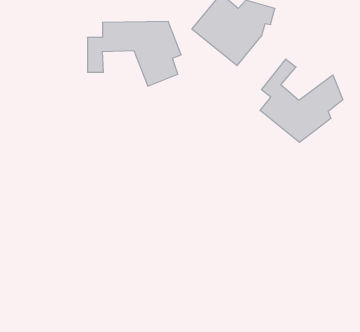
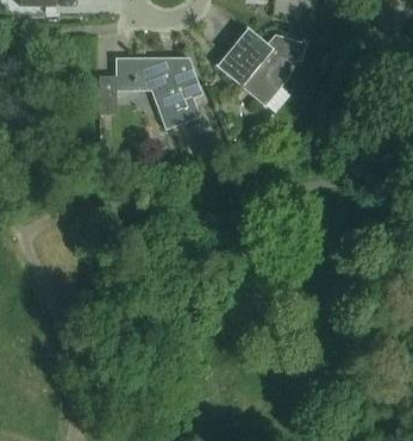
building: [260,59,343,142] -> none

